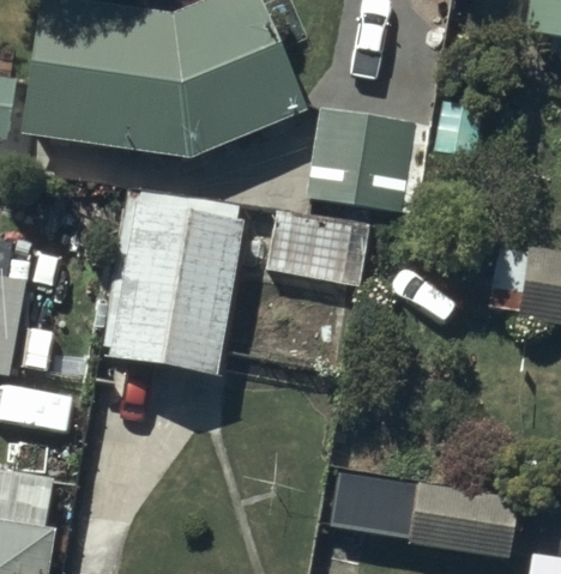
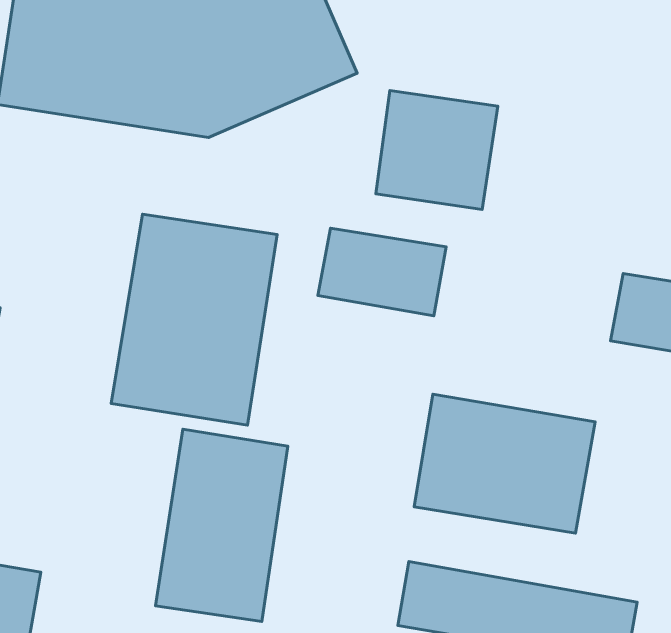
building: none -> [414,394,595,533]
building: none -> [155,429,288,622]

